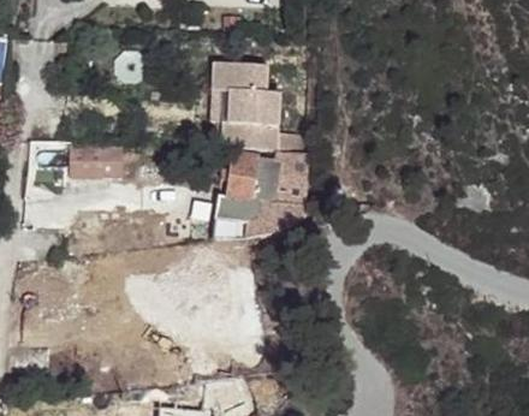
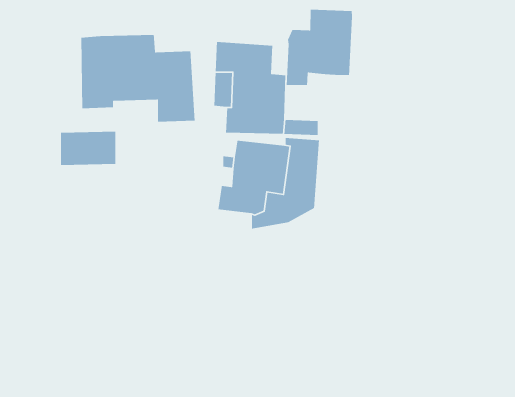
building: none -> [286,9,353,86]
building: none -> [80,34,196,123]

